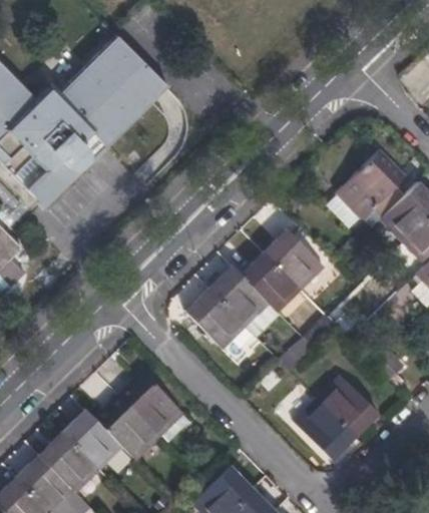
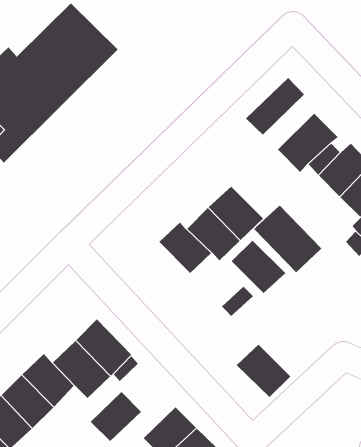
building: none -> [245,77,305,135]
building: none -> [253,204,322,273]
building: [186,292,245,349] -> none
building: [318,378,377,436] -> [231,240,286,294]
building: none -> [90,391,142,442]

